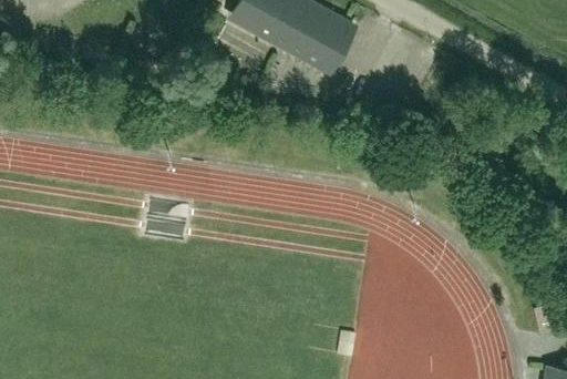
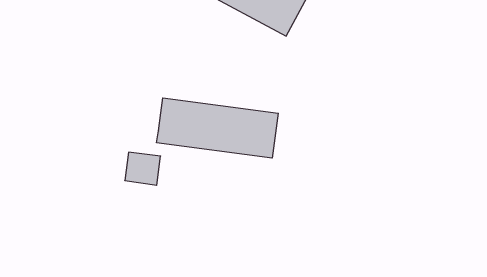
building: none -> [157,98,278,158]

